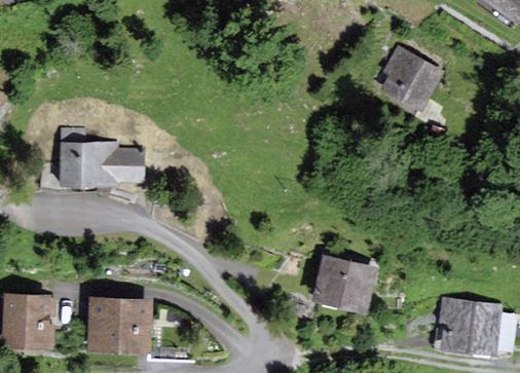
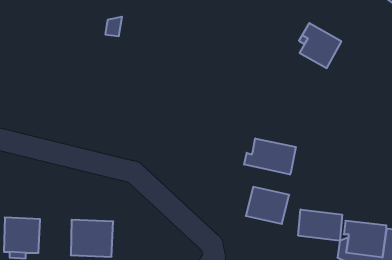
building: [39,126,143,193] -> none
building: none -> [244,138,296,175]
building: none -> [298,209,342,241]

